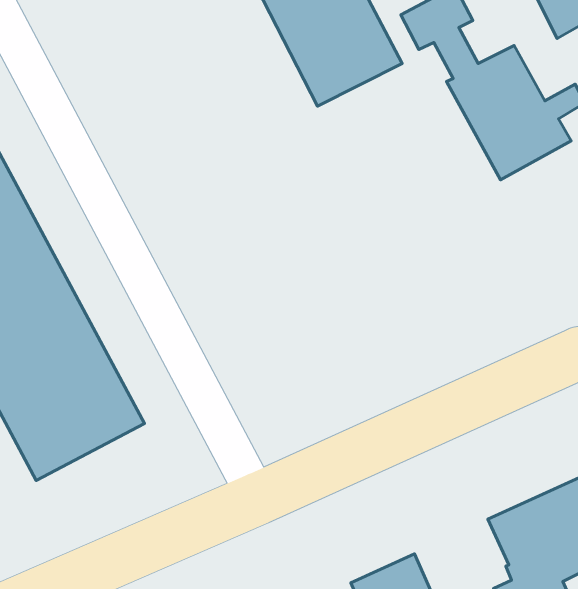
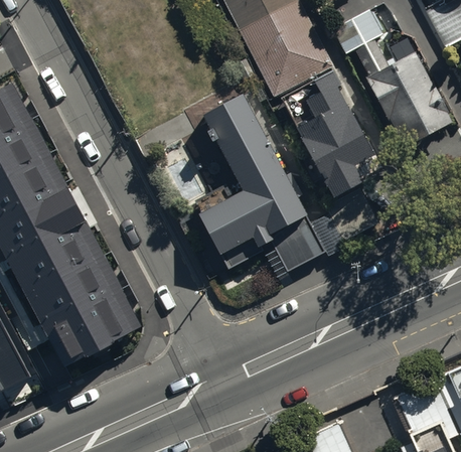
building: none -> [279,70,382,198]
building: none -> [200,94,327,273]

